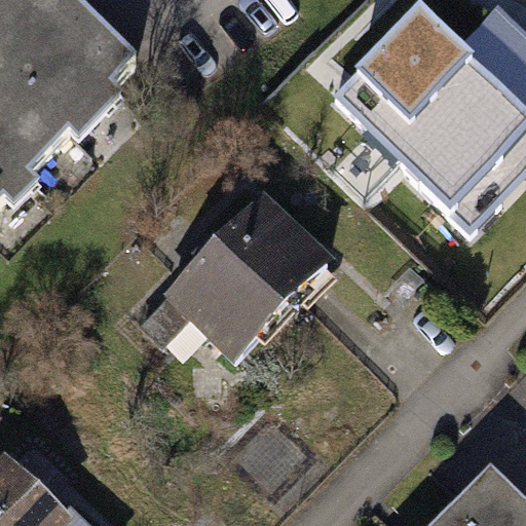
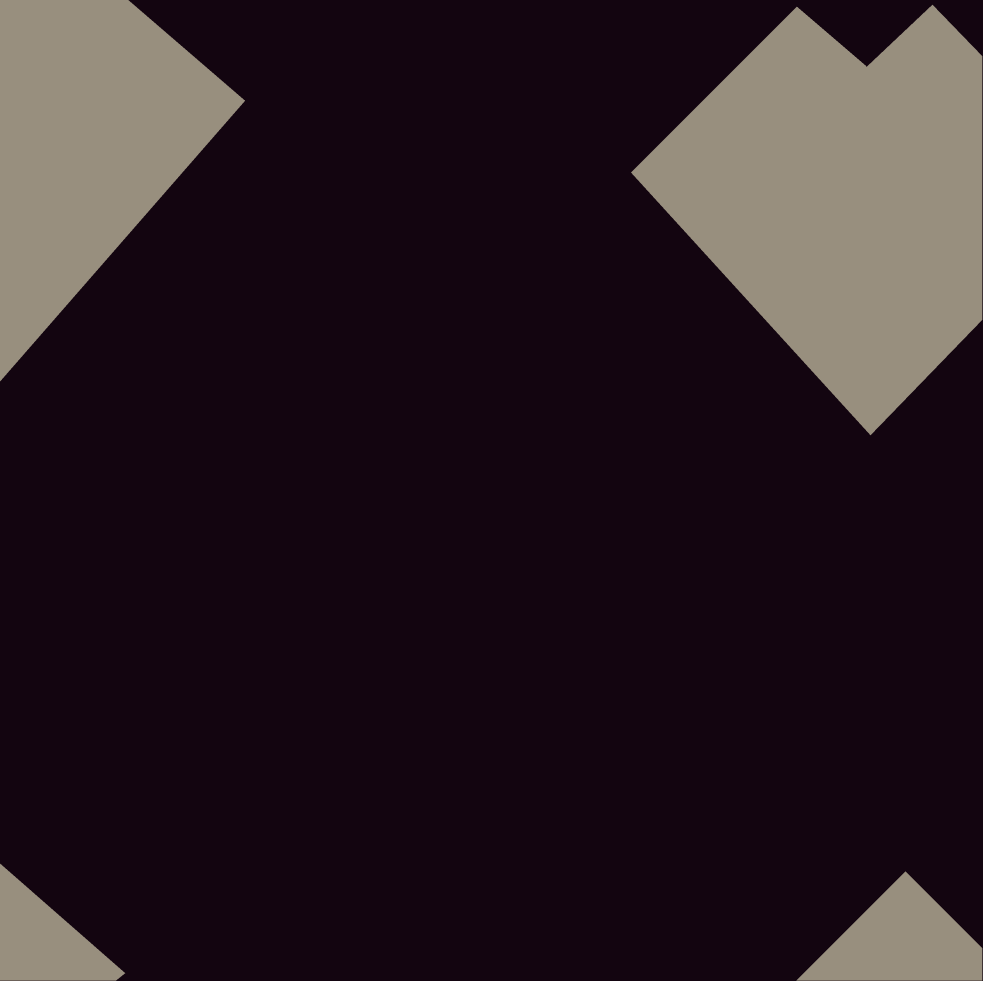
building: [183,189,356,369] -> none

